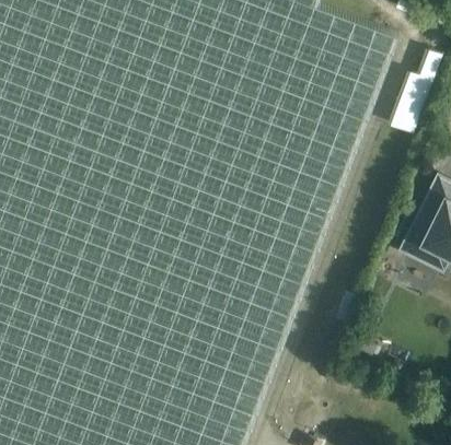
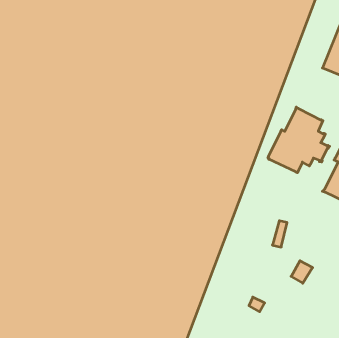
building: none -> [268,107,330,173]

